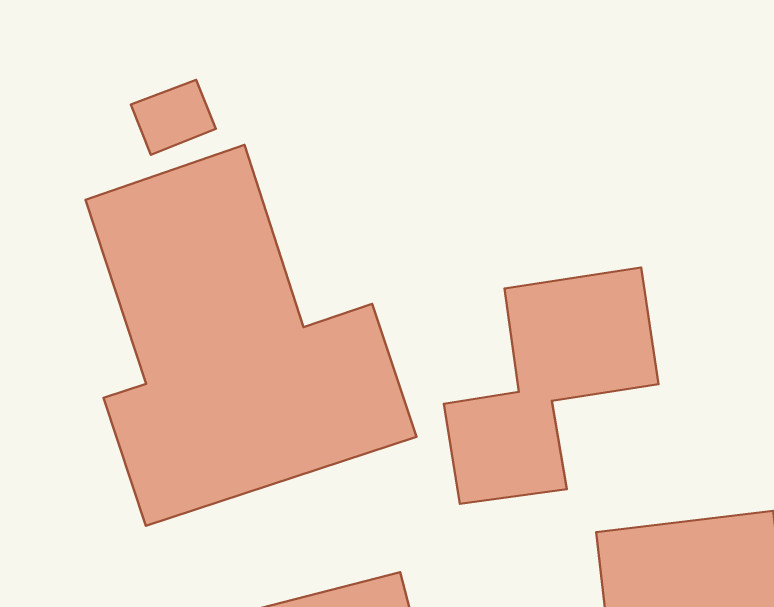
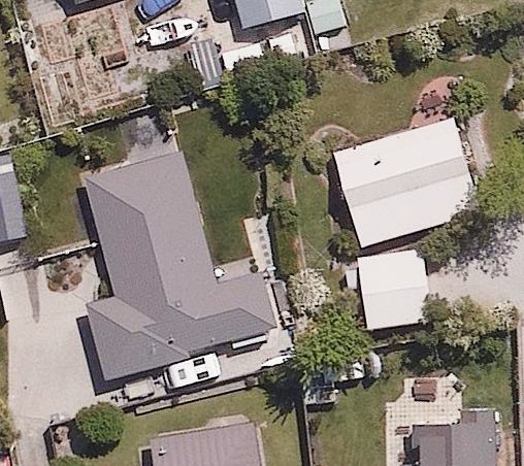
building: none -> [330,118,477,248]

